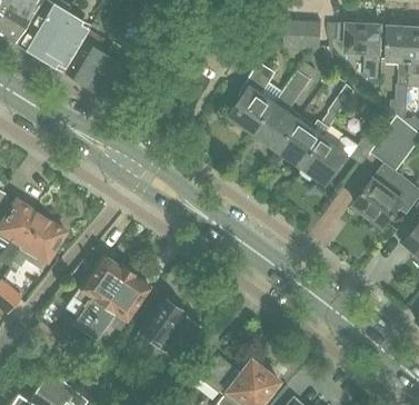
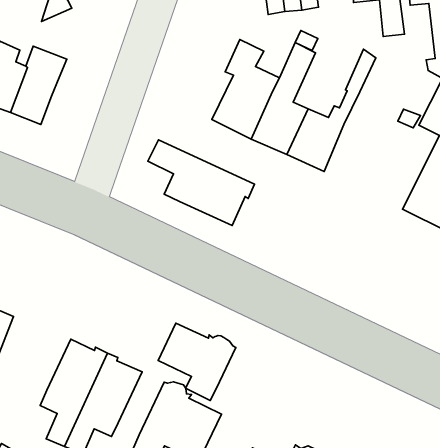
building: none -> [148,140,255,226]
building: [303,136,369,182] -> none
building: none -> [158,323,236,400]

